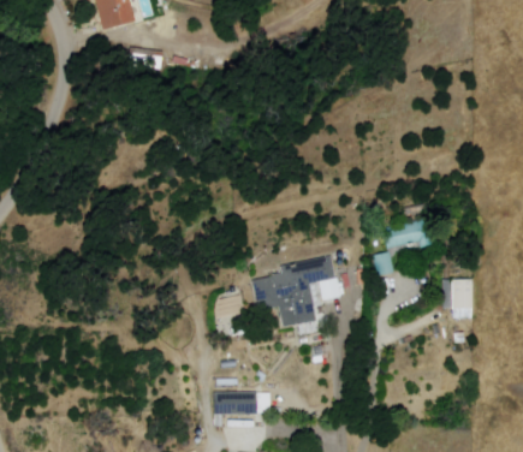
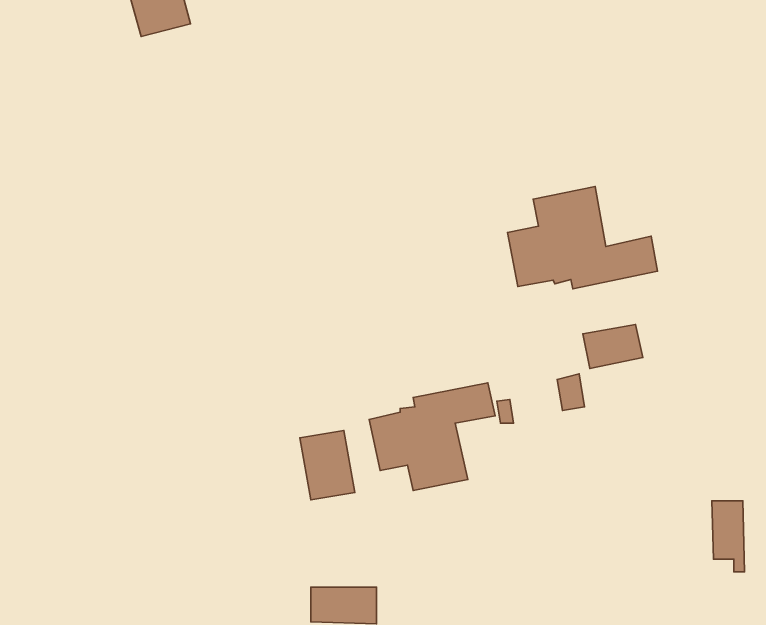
building: none -> [507,186,657,289]
building: [452,281,474,328] -> [712,501,745,572]

